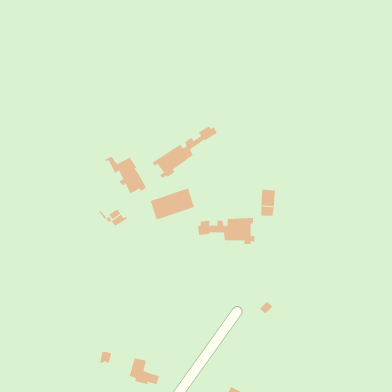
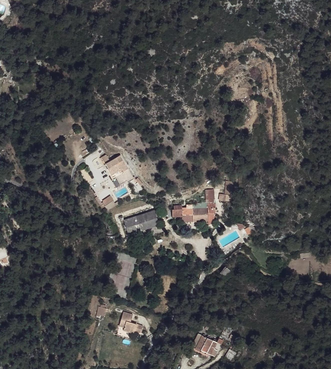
building: [152,126,217,179] -> none
building: [150,188,195,220] -> [123,210,158,235]

